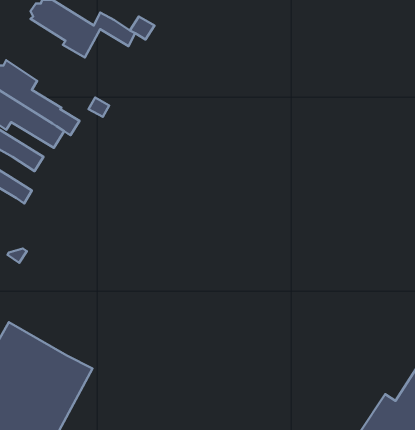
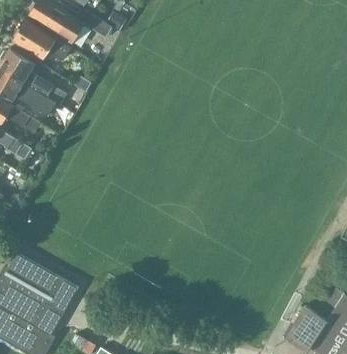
building: none -> [13,21,67,58]

